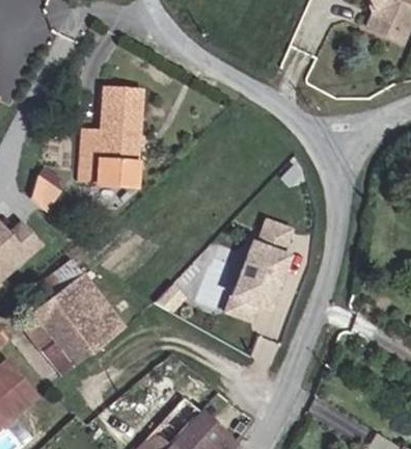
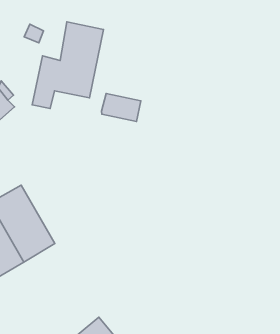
building: [98,163,138,188] -> [101,94,141,121]
building: [225,219,294,321] -> none

